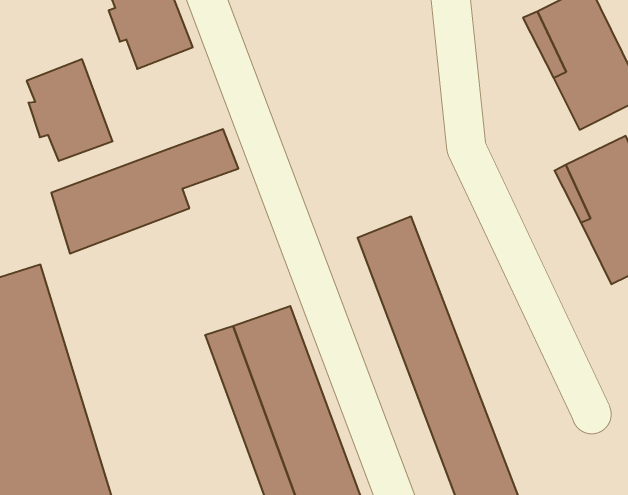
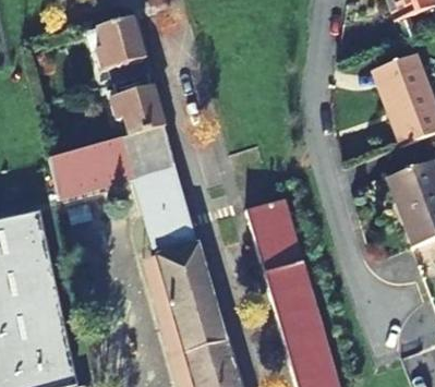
building: [27,59,113,161] -> [113,72,166,136]
building: none -> [136,153,200,254]

